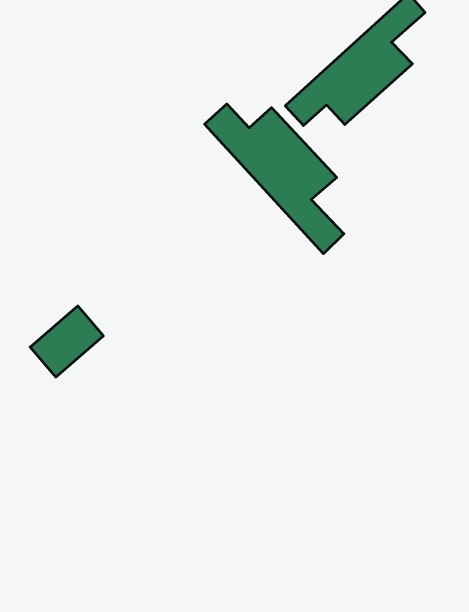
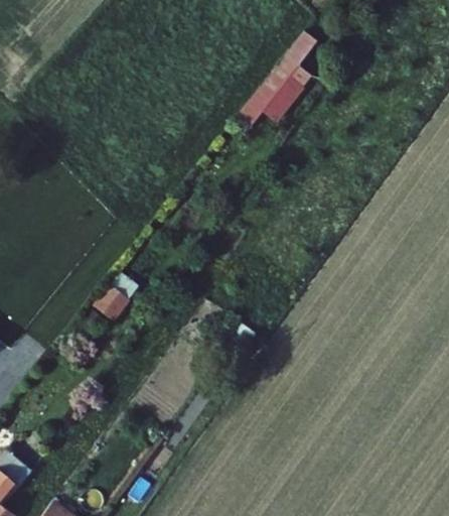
building: [205,104,344,254] -> none

